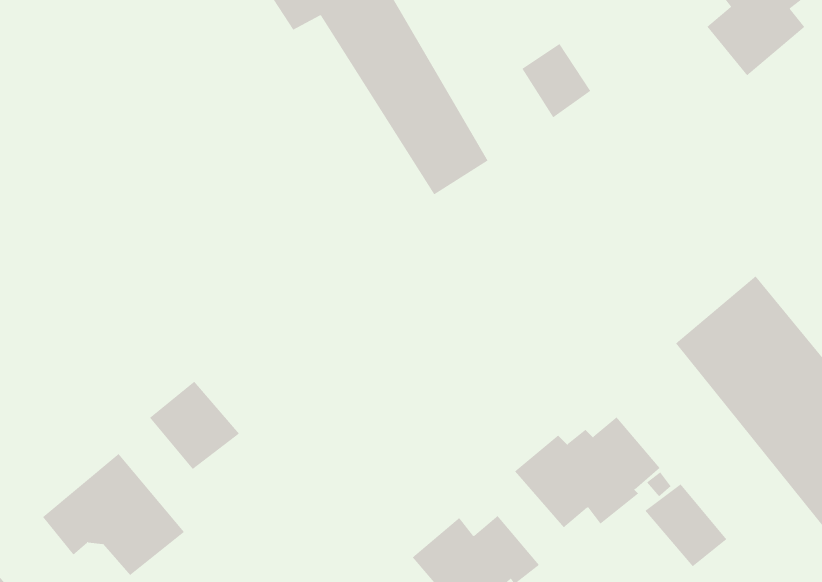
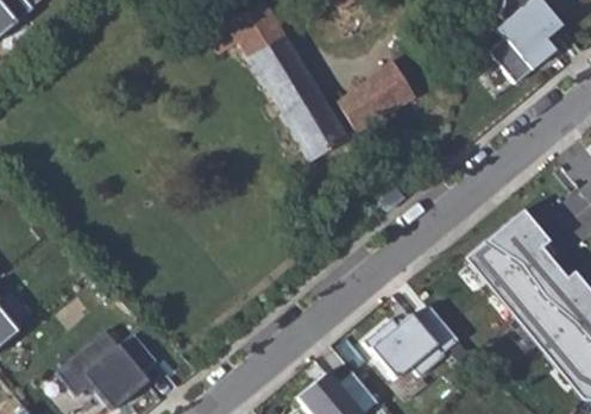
building: none -> [338,79,389,132]
building: [149,381,240,470] -> none
building: [644,483,727,567] -> none

